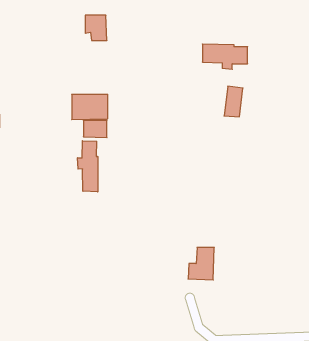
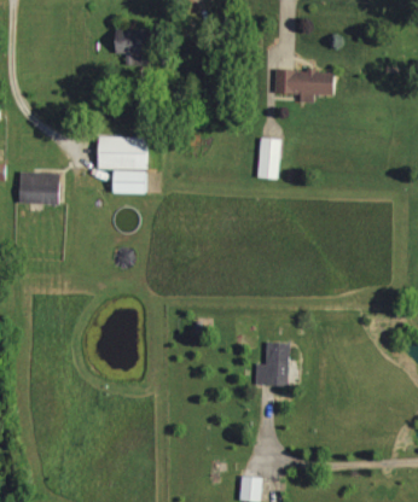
building: [224,86,243,117] -> [255,138,280,179]
building: none -> [18,171,58,204]
building: [78,141,98,192] -> none

